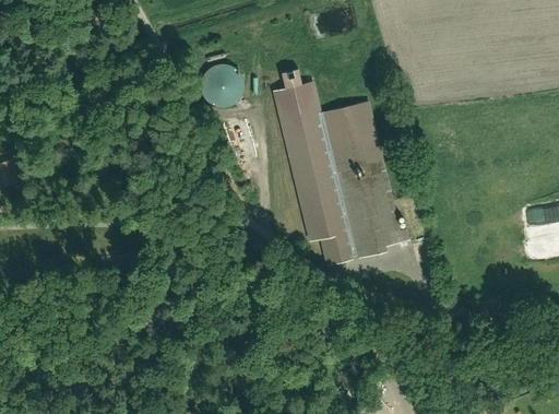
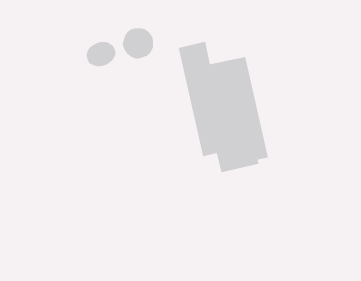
building: none -> [86,41,116,67]

